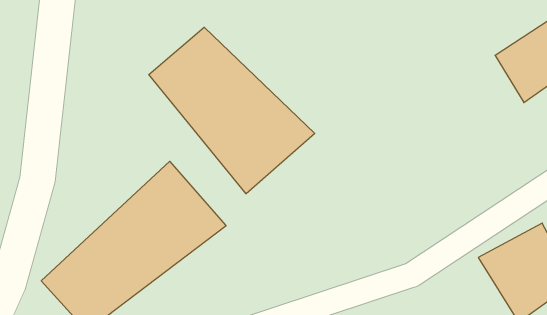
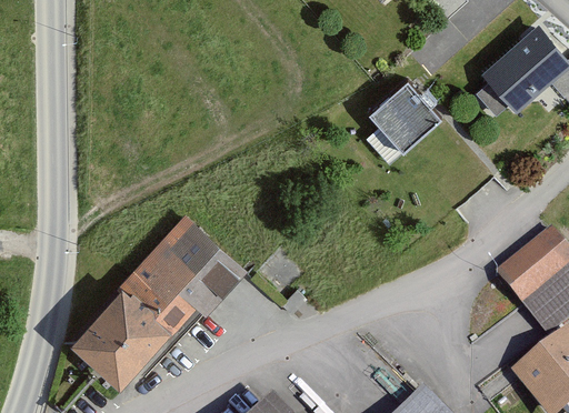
building: [149,27,315,194] -> none
building: none -> [369,79,445,151]

